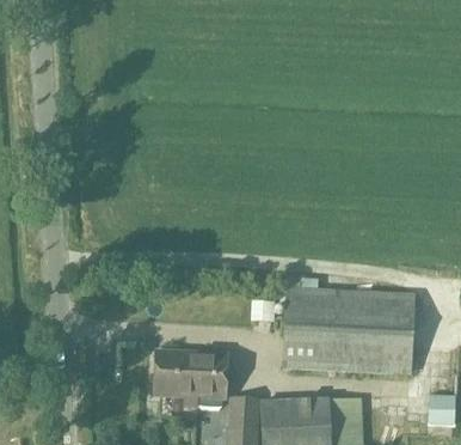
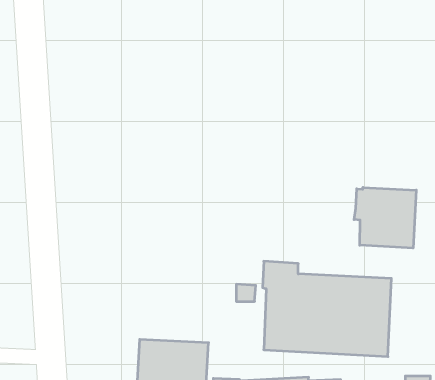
building: none -> [354,187,416,248]

